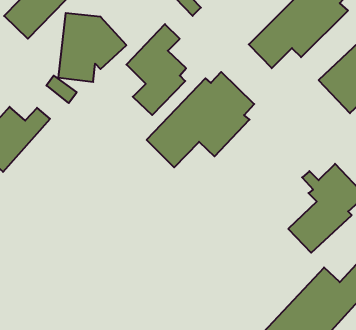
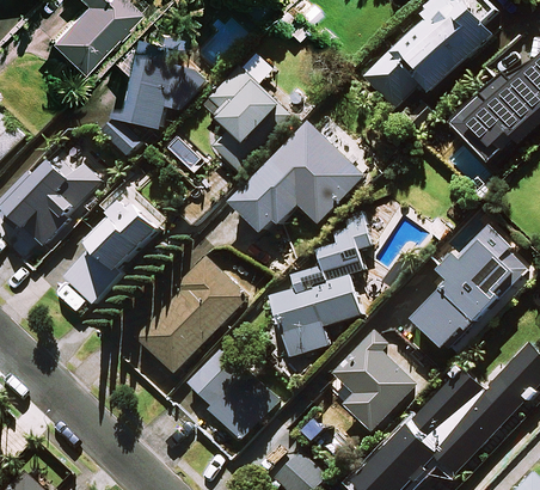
building: none -> [62,189,159,304]
building: none -> [270,220,369,356]
building: none -> [137,257,246,372]
building: none -> [332,329,416,431]
building: none -> [185,353,280,439]

